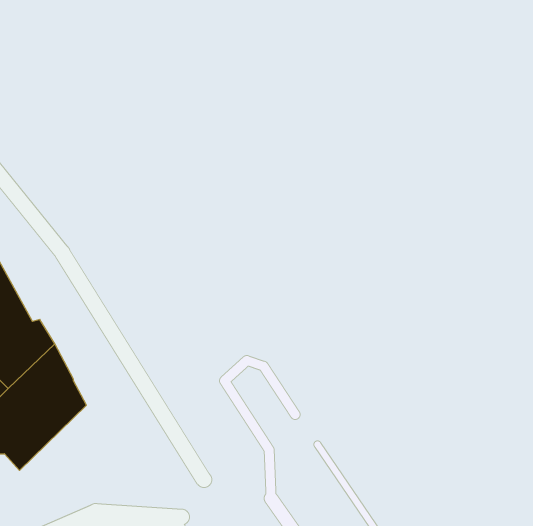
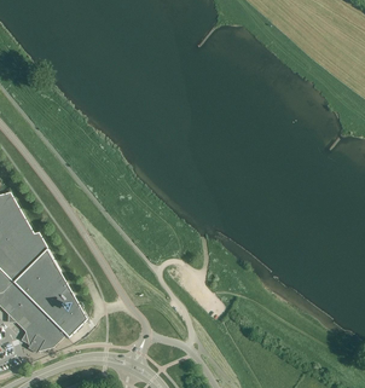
building: none -> [24,288,86,352]

